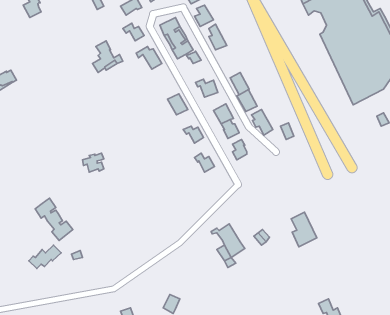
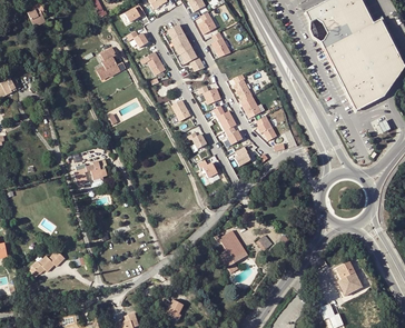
building: [35,198,73,240] -> none
building: [291,212,317,247] -> [337,261,363,296]

